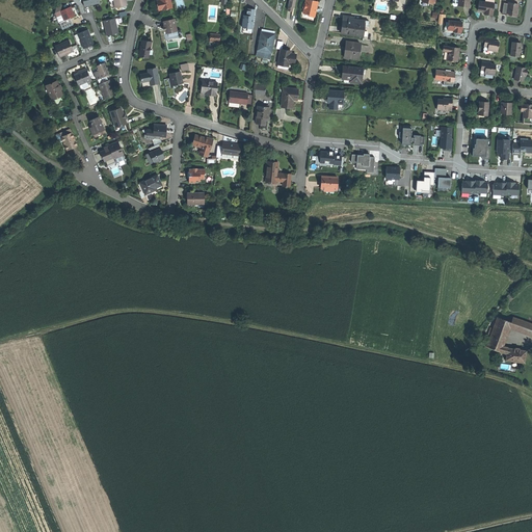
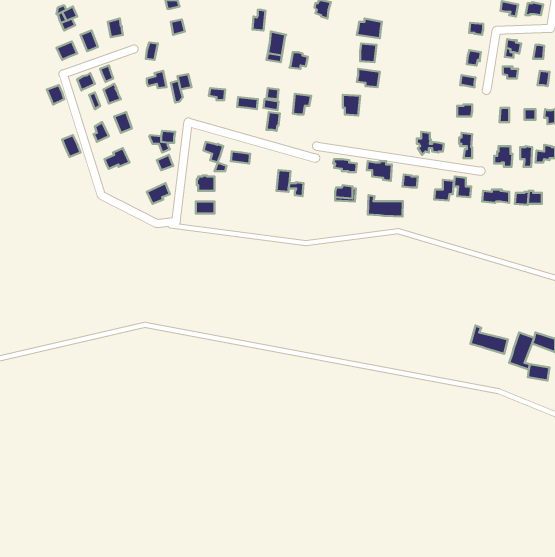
building: none -> [368,195,403,217]
building: none -> [470,326,508,354]

